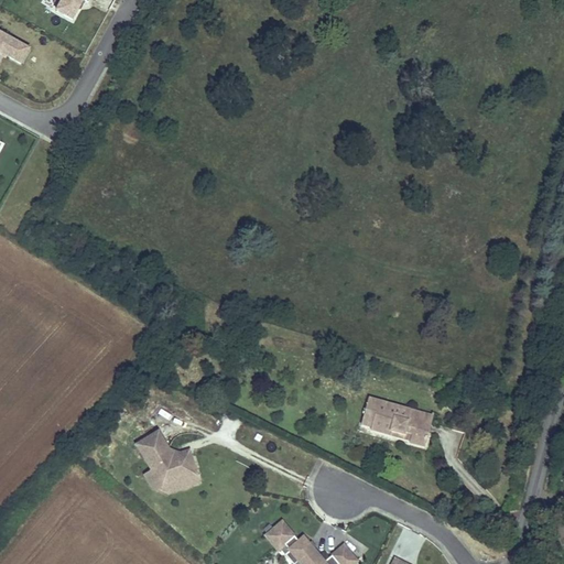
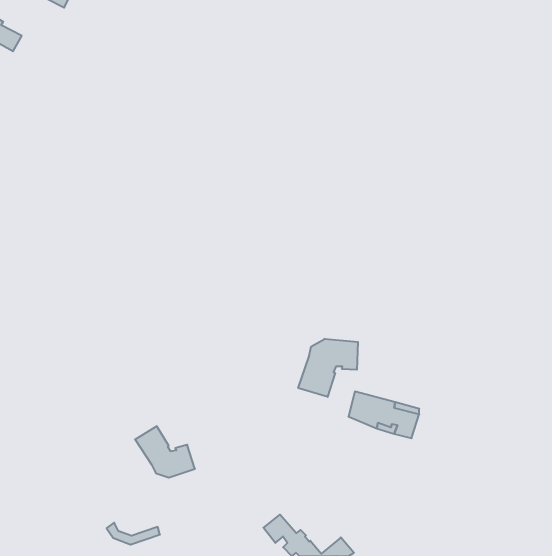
building: none -> [298,339,358,397]
building: [145,469,199,491] -> [107,523,160,544]

